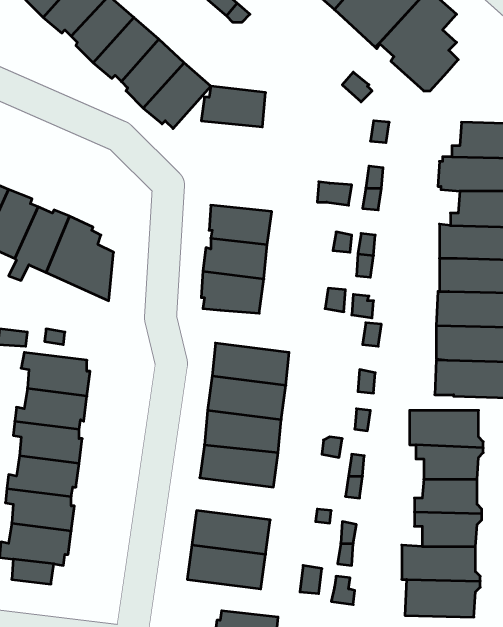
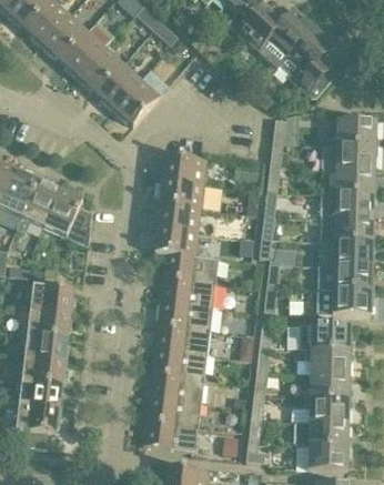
building: [201,86,266,127] -> [160,154,205,183]
building: none -> [163,253,219,283]
building: none -> [150,372,204,402]

